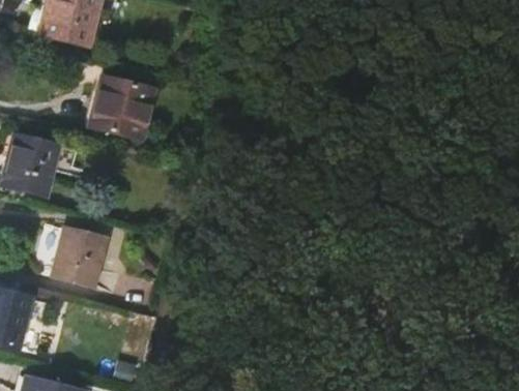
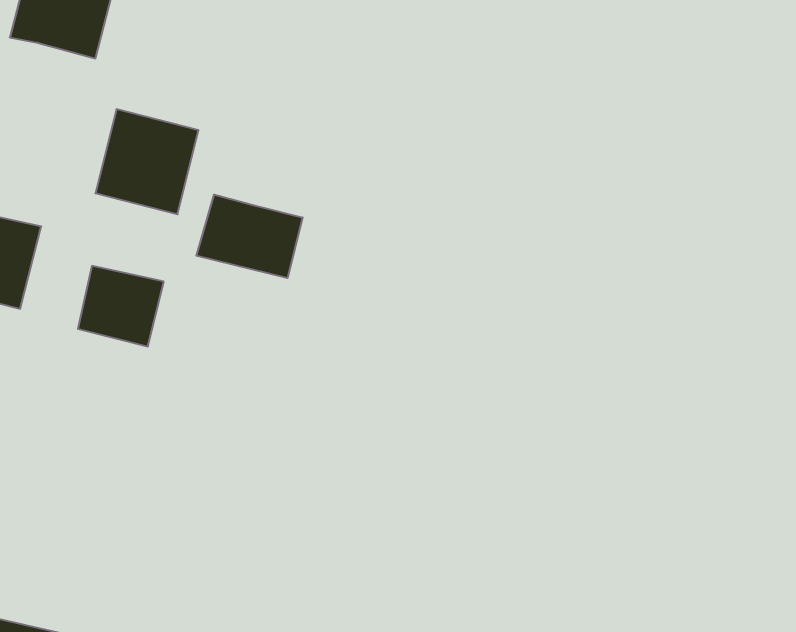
building: none -> [196,195,303,278]
building: [53,238,104,285] -> [78,266,164,346]

